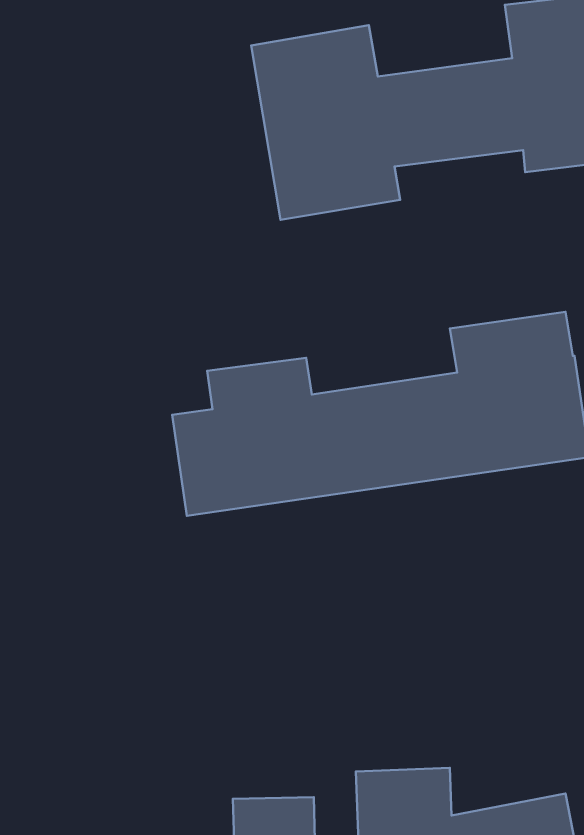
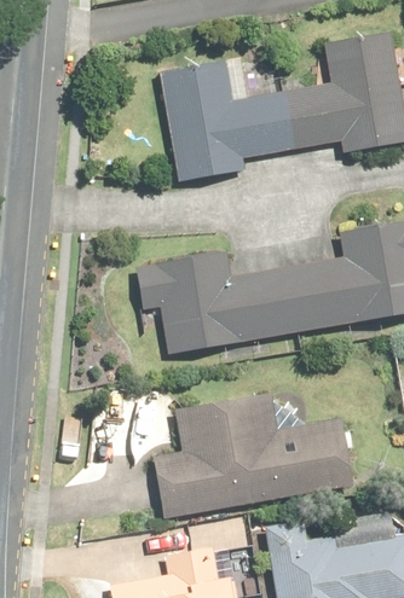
building: none -> [152,408,336,523]

